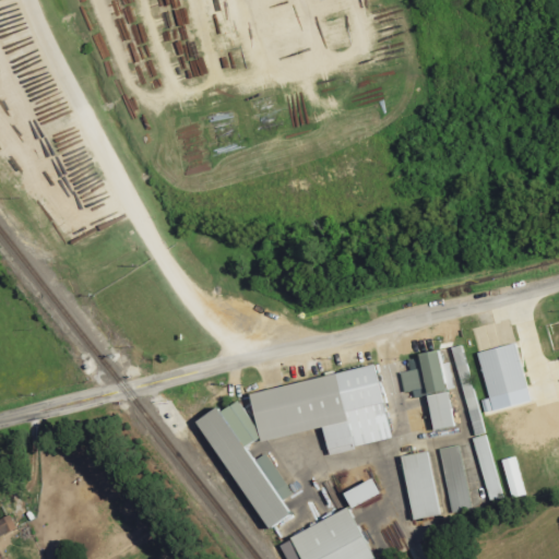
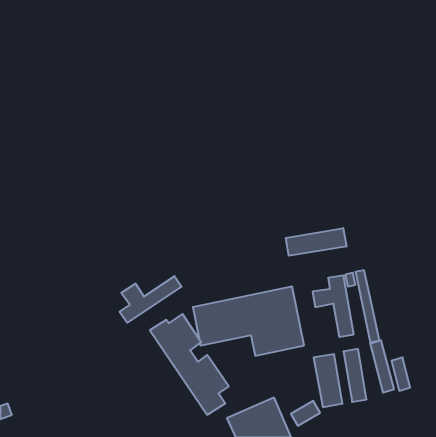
building: none -> [286,228,346,256]
building: [478,344,528,407] -> none
building: none -> [120,276,182,323]
building: [342,478,379,510] -> [291,401,320,426]

